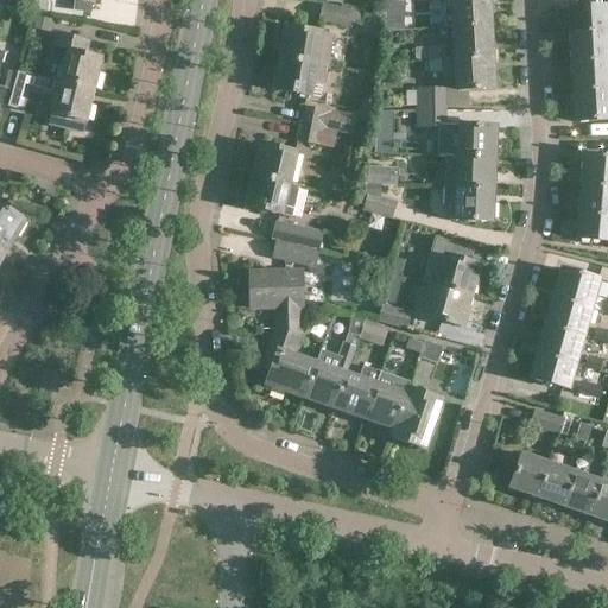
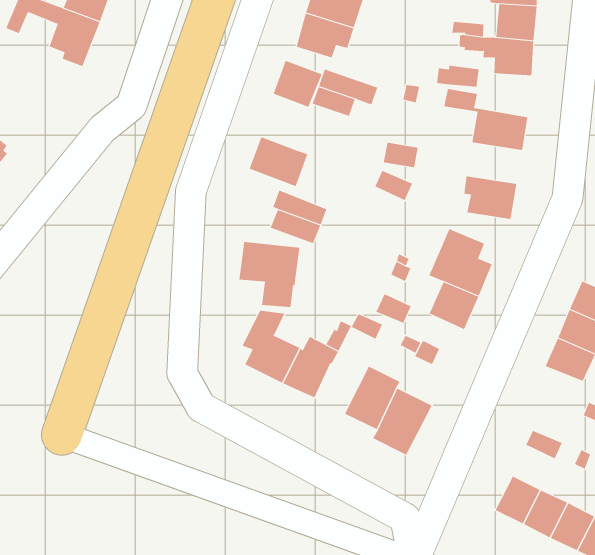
building: [254,141,297,182] -> [273,60,322,108]
building: [445,154,494,186] -> none
building: [532,349,576,387] -> none
building: [334,363,379,416] -> none

